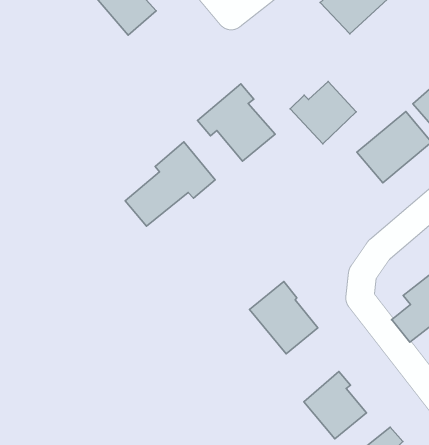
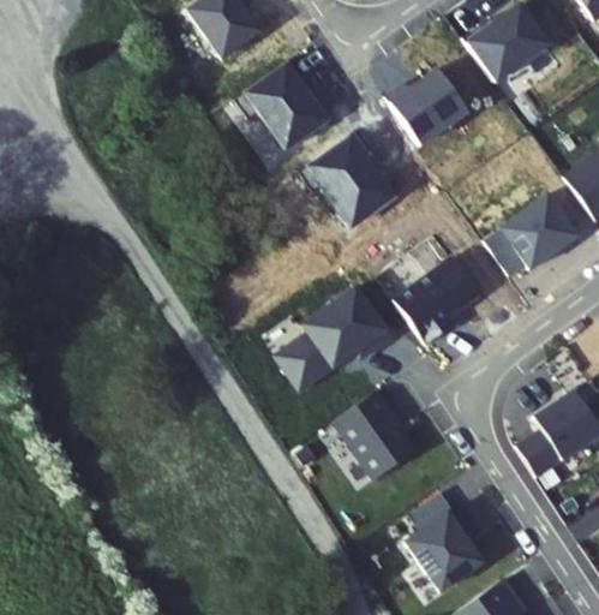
building: none -> [233,62,328,154]
building: [290,81,356,144] -> [384,71,466,148]
building: [125,142,215,226] -> [284,282,399,383]

